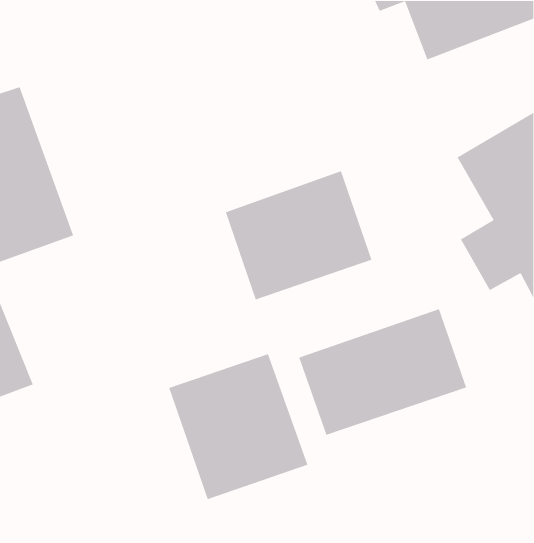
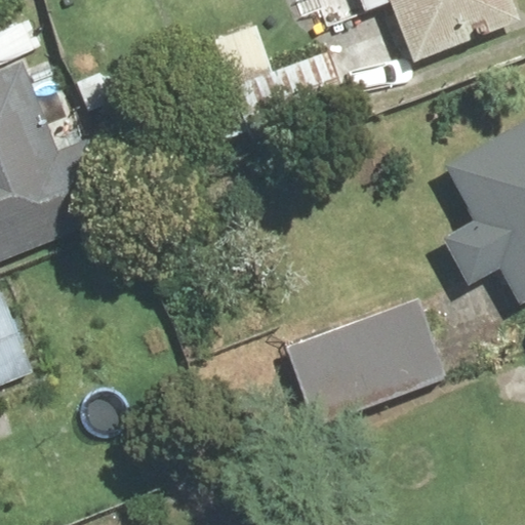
building: [225,170,372,301] -> none
building: [168,353,308,500] -> none

